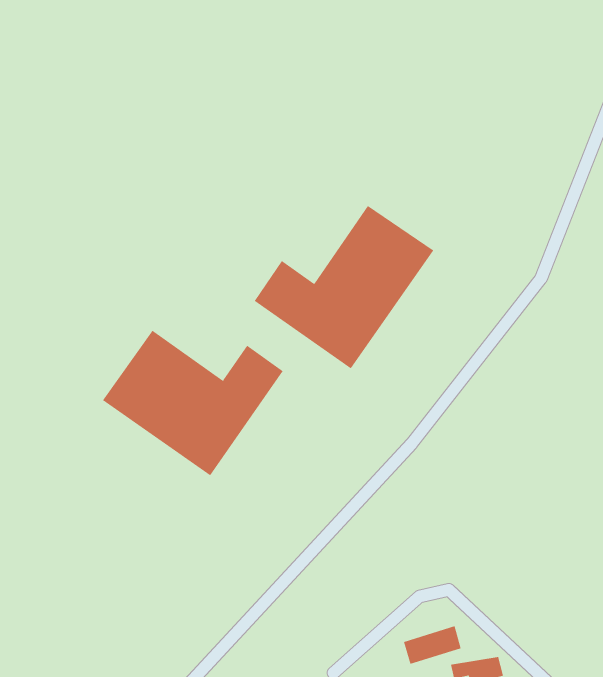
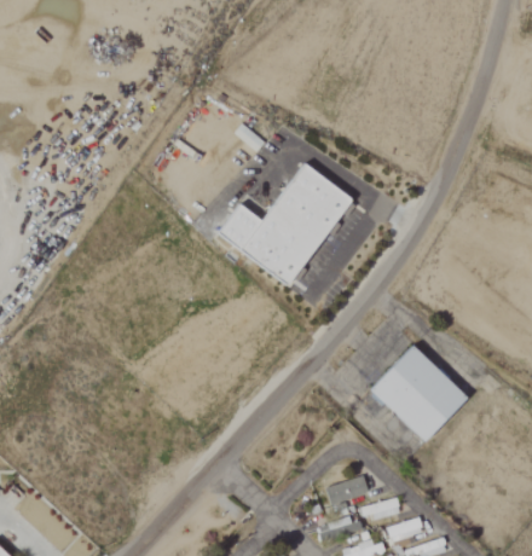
building: [102,330,284,476] -> none
building: none -> [369,346,466,442]

